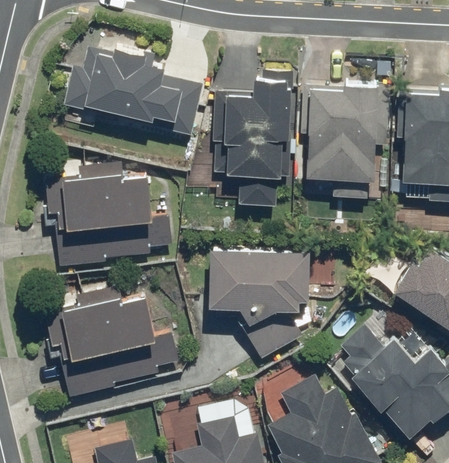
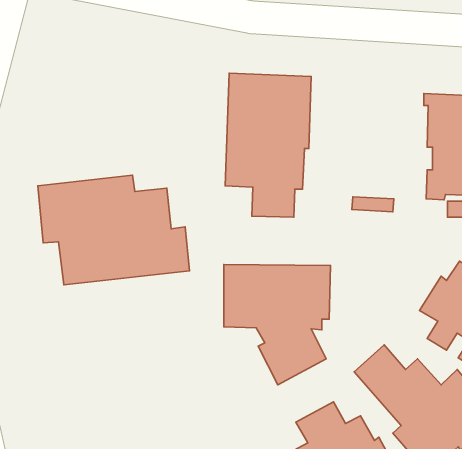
building: [62,45,207,148] -> none
building: [308,85,381,184] -> none
building: [42,289,182,395] -> none

